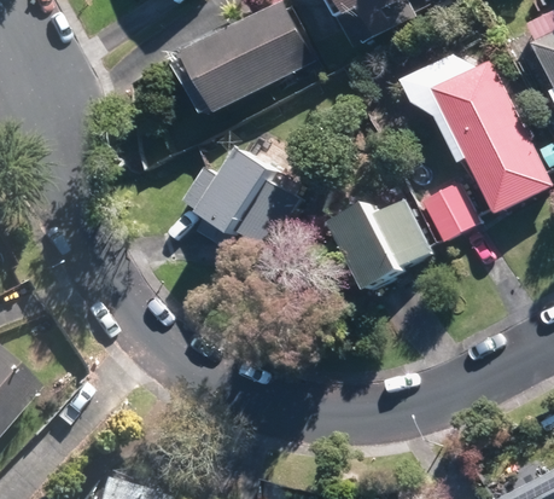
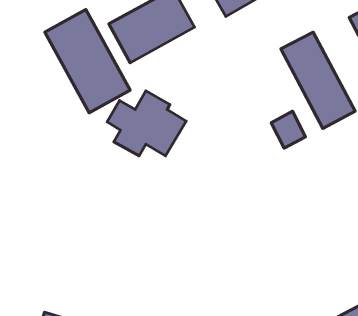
building: none -> [45,9,130,113]
building: [332,201,427,290] -> none

